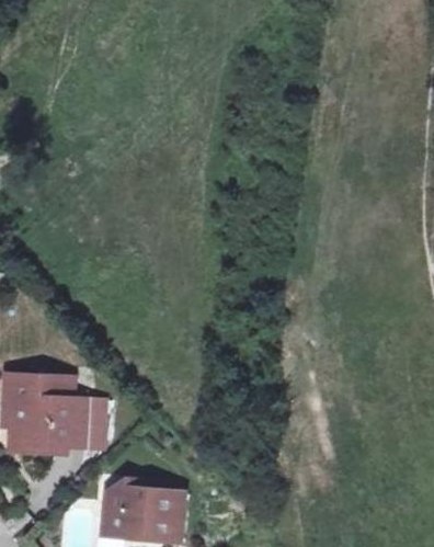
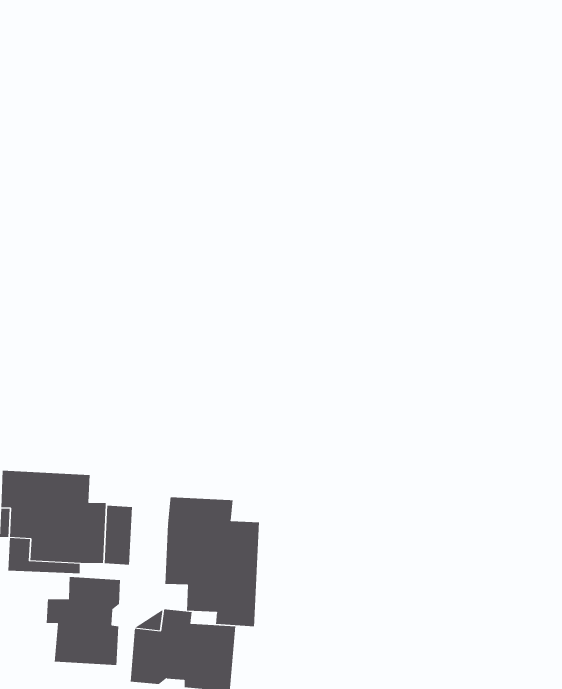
building: none -> [165,497,260,627]
building: none -> [46,576,120,666]

